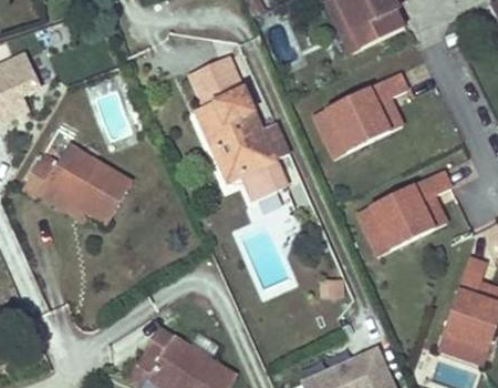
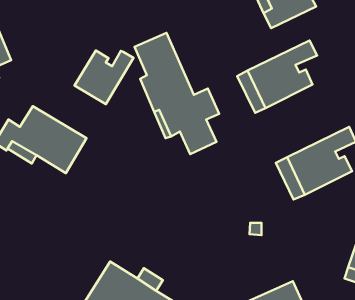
building: none -> [74,51,134,104]

